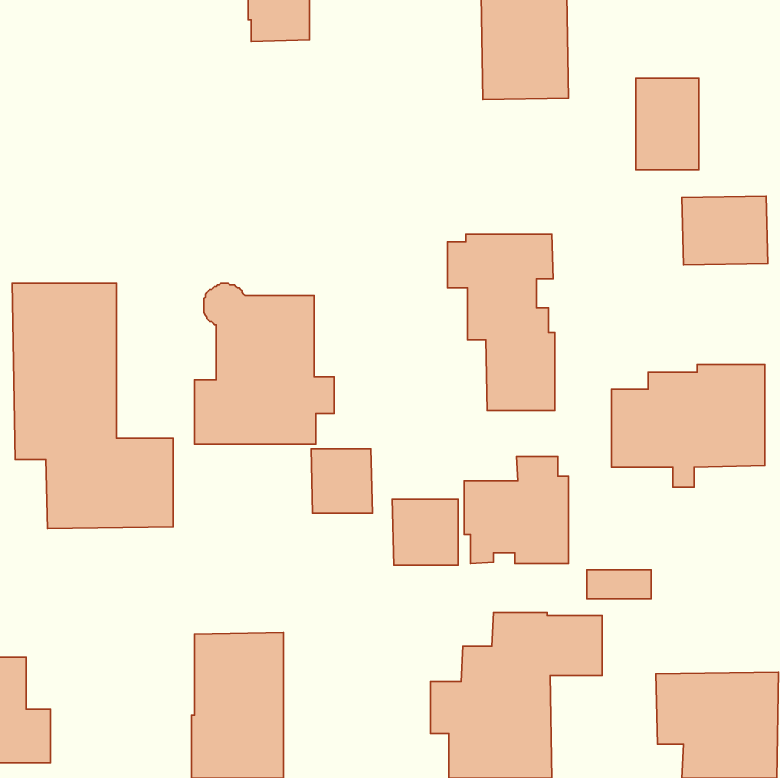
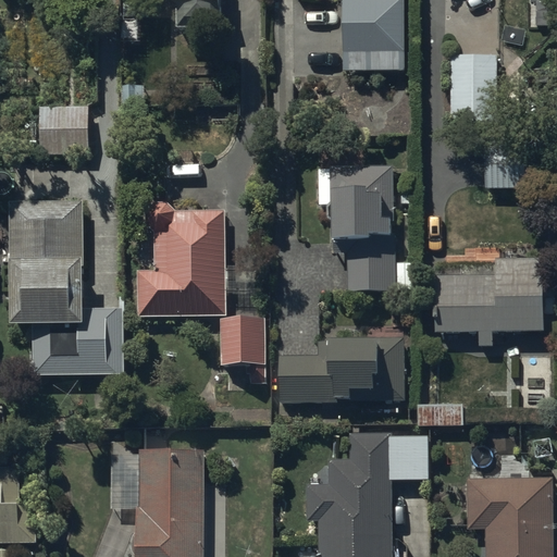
building: none -> [37,103,87,151]

